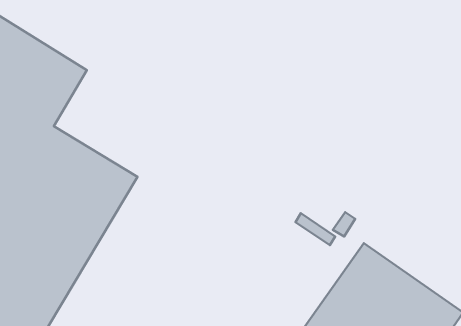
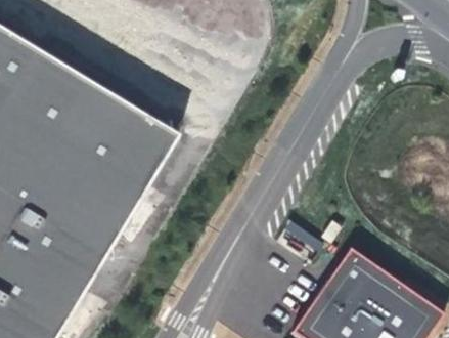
building: none -> [64,87,174,186]

